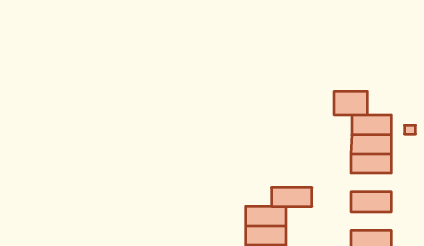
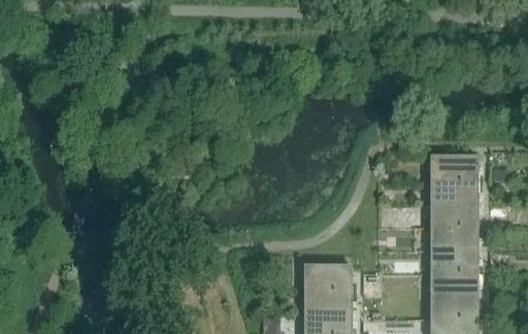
building: [334,91,367,115] -> none
building: [271,188,312,206] -> [430,226,478,248]
building: none -> [430,272,478,295]

